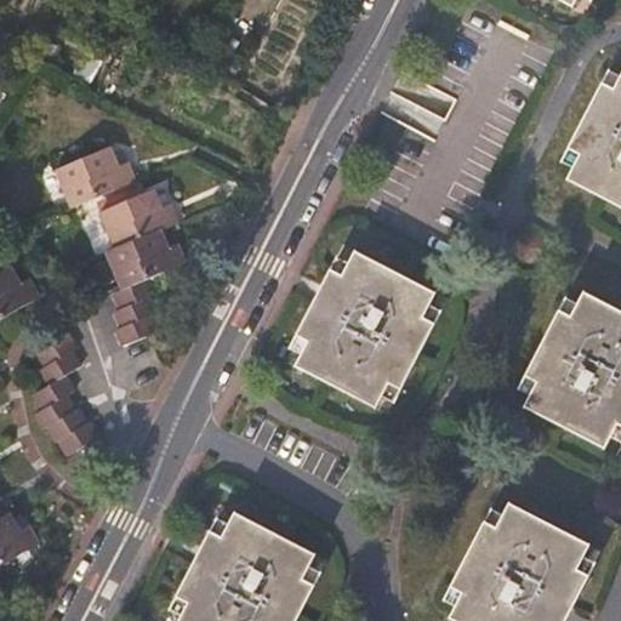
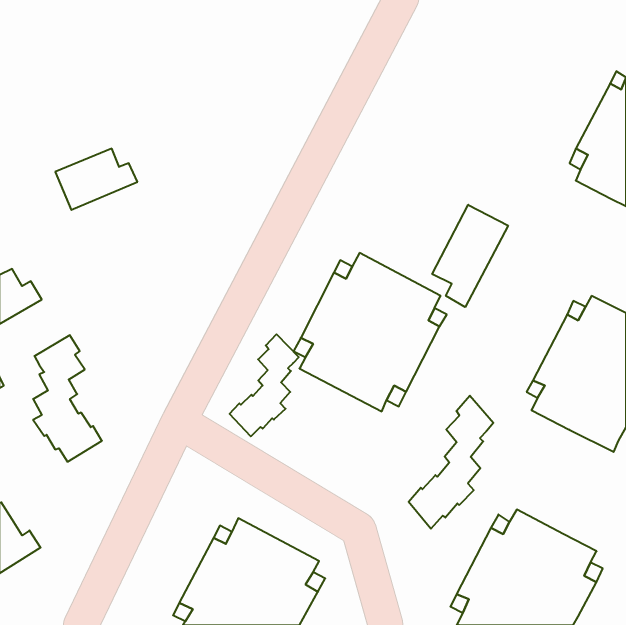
building: [99,188,188,347] -> none
building: none -> [432,205,508,307]
building: none -> [230,334,299,436]
building: none -> [409,396,493,529]

